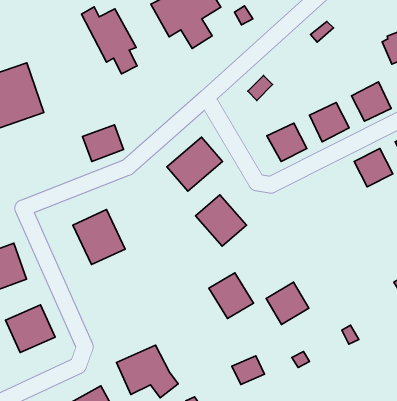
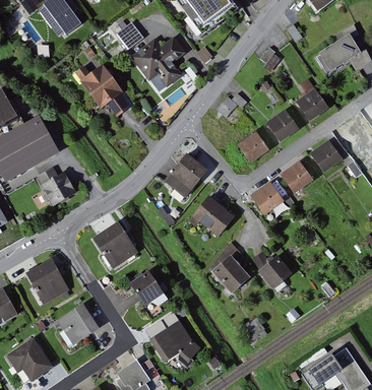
building: [83,125,124,162] -> [43,174,76,205]
building: none -> [278,160,311,193]
building: none -> [251,182,284,213]
building: none -> [128,270,165,311]

